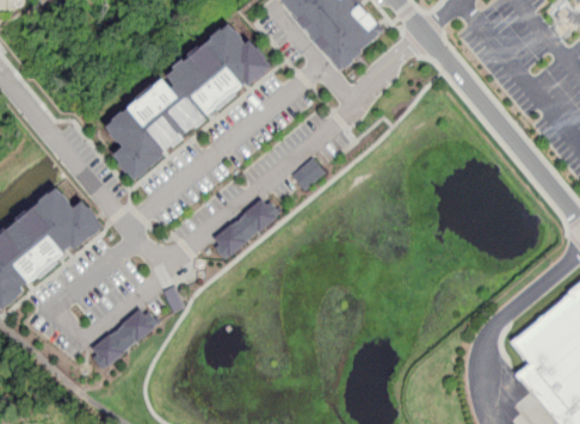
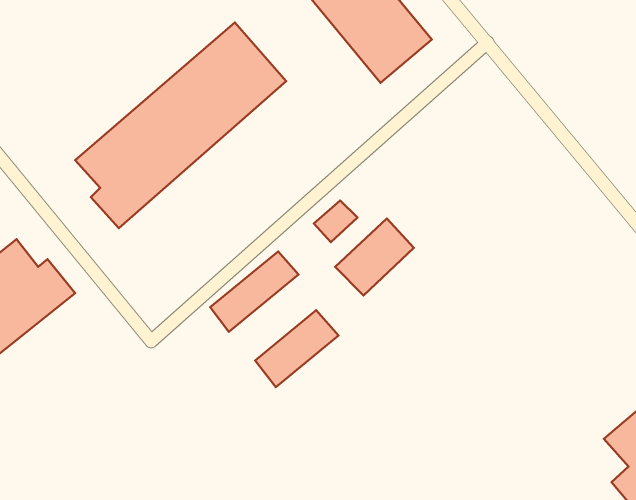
building: none -> [335,218,414,295]
building: none -> [255,310,338,387]
building: [87,306,155,369] -> none

